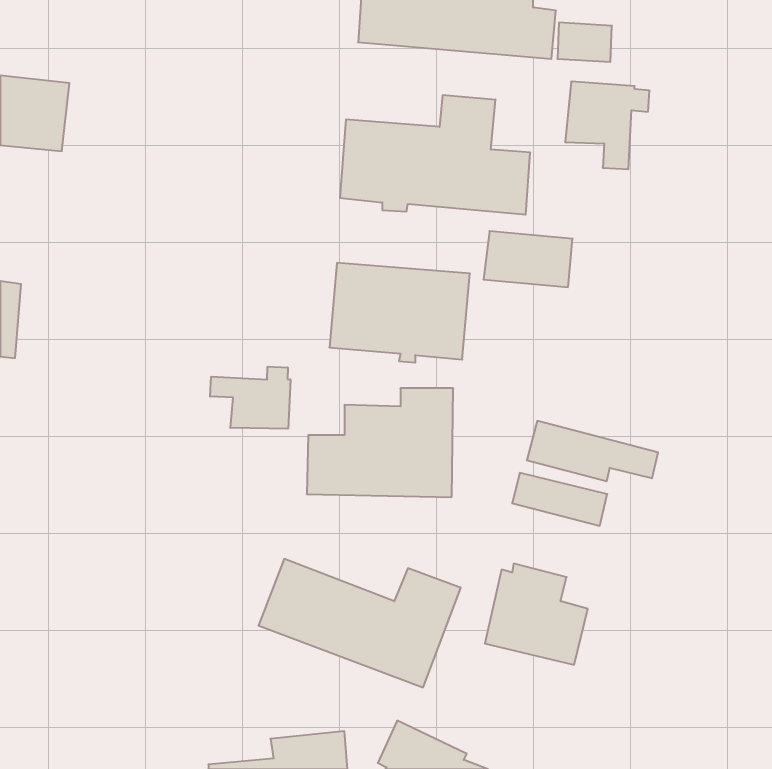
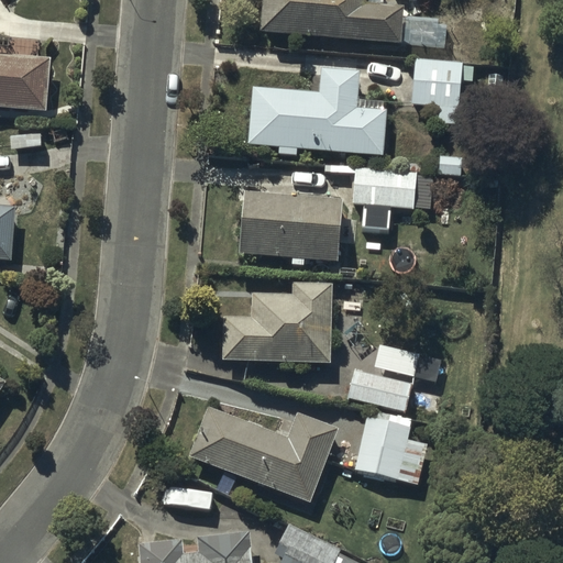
building: [210,367,290,429] -> none
building: [527,421,658,481] -> [346,368,442,412]

